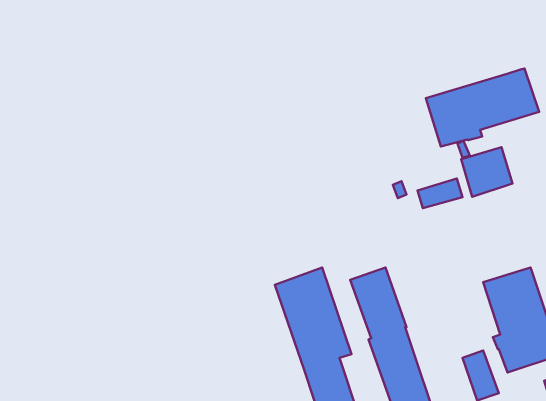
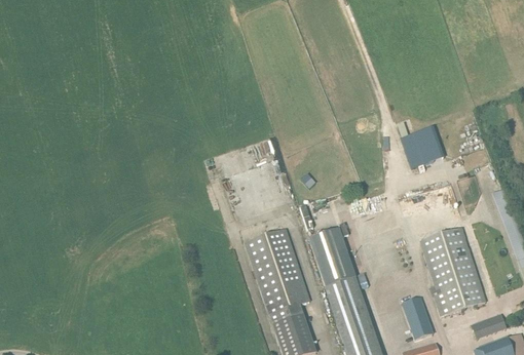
building: [426,68,539,147] -> none
building: [418,179,463,208] -> none

